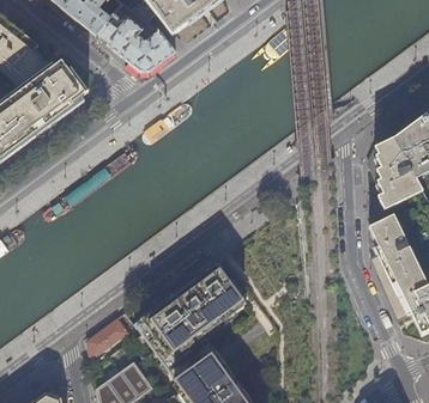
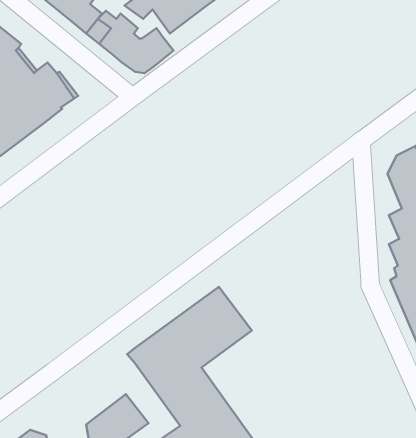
building: [86,318,129,360] -> none

